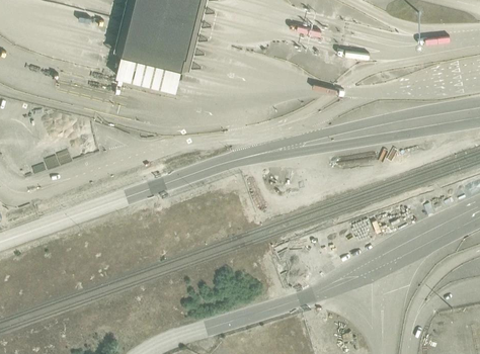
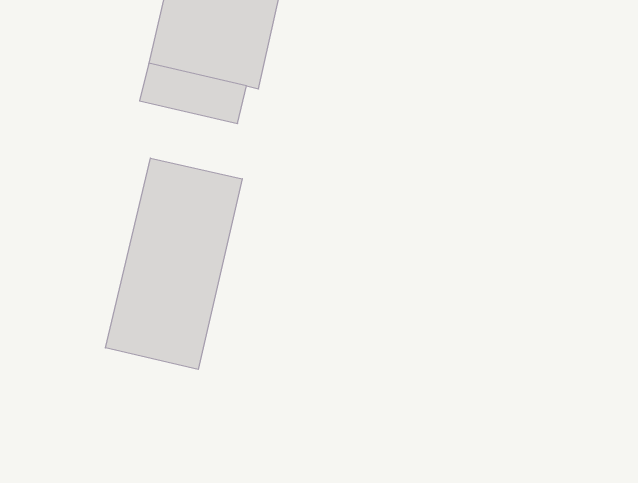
building: none -> [105,158,242,369]

